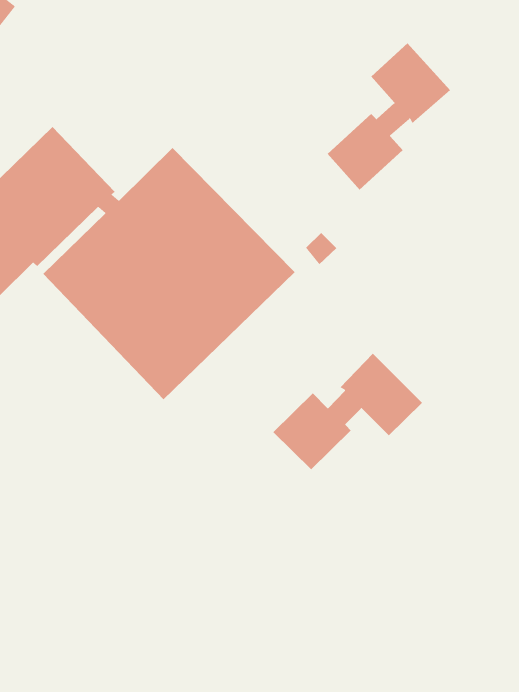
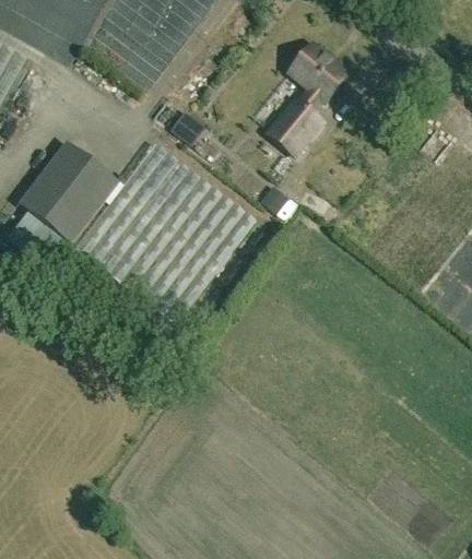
building: [273,353,423,470] -> none

